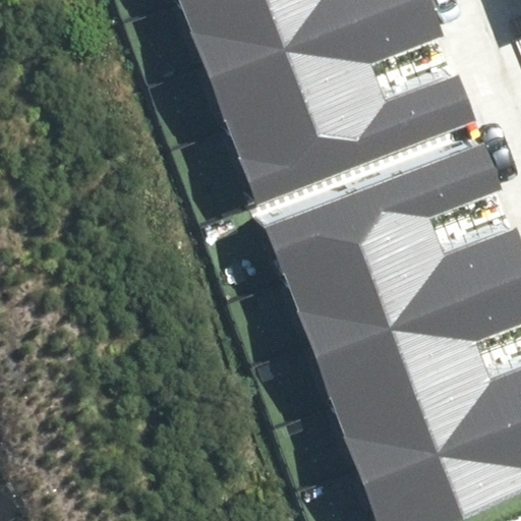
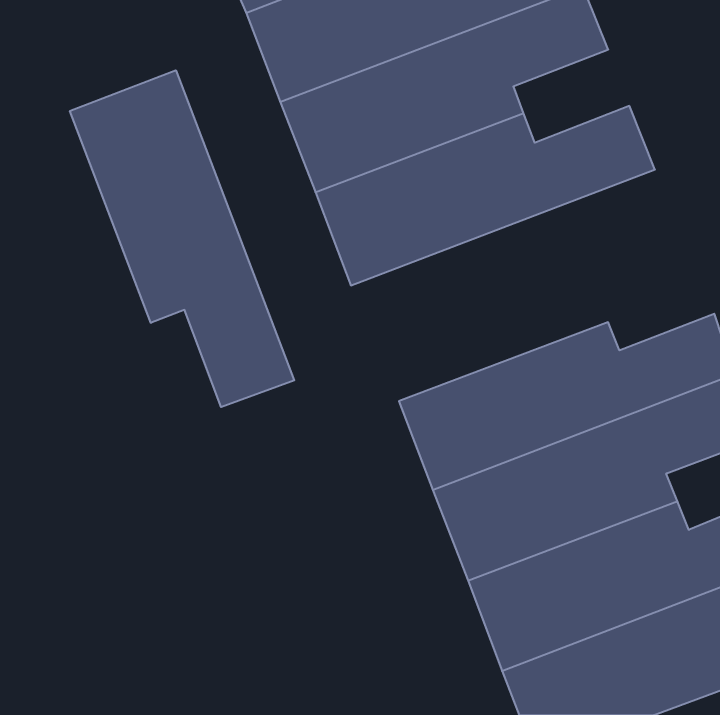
building: none -> [70,70,294,407]
building: [265,141,501,289] -> none

